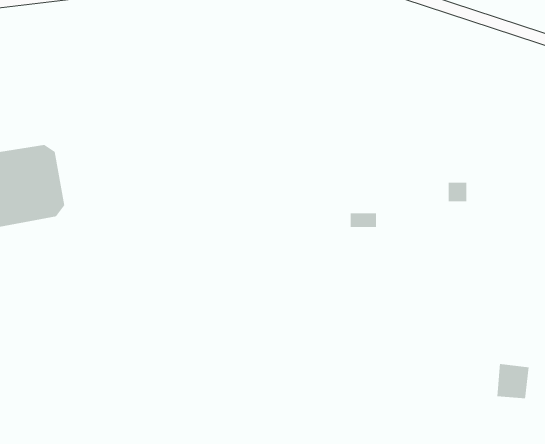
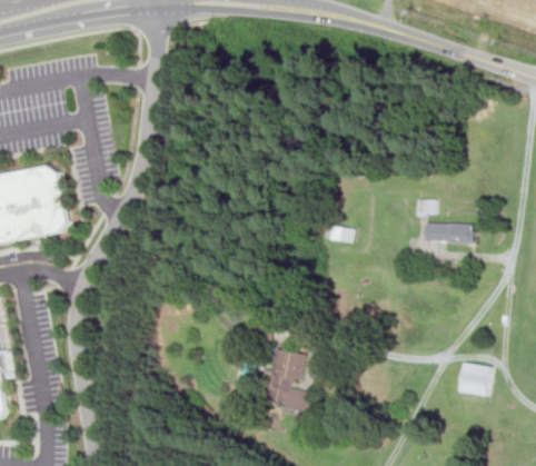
building: none -> [425,224,475,244]
building: none -> [265,348,309,413]

